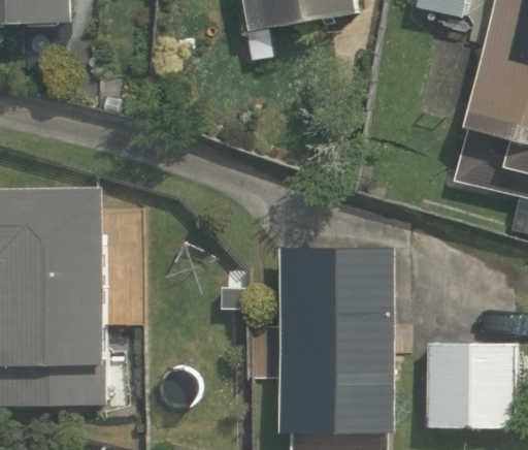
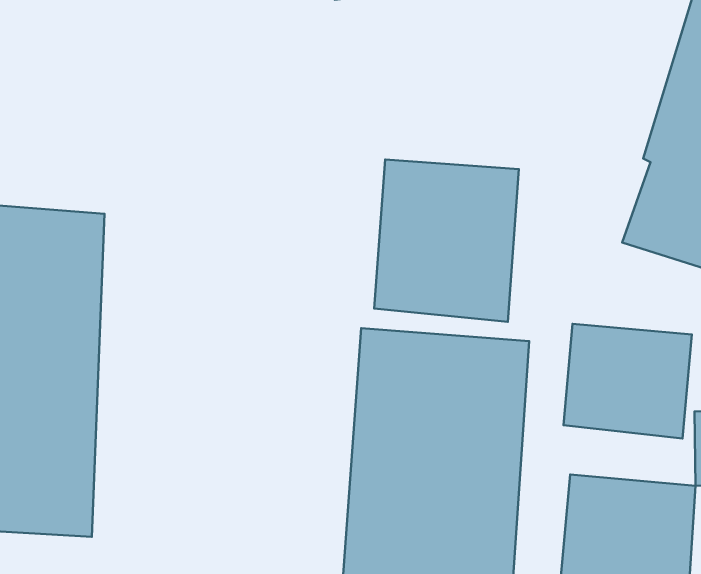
building: none -> [374,159,519,322]
building: none -> [564,324,692,438]

